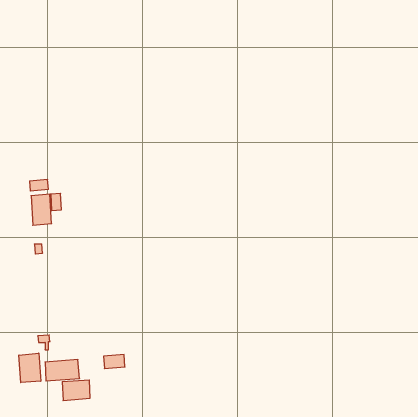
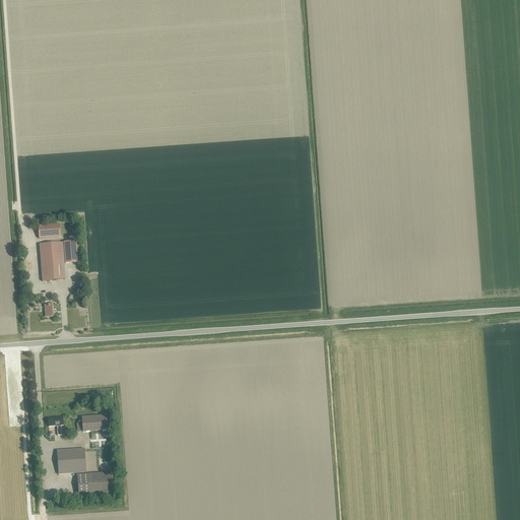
building: [19,353,41,383] -> none
building: [104,355,125,369] -> [80,413,107,431]

